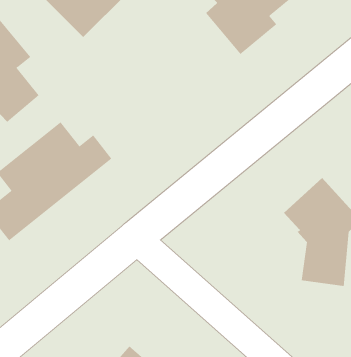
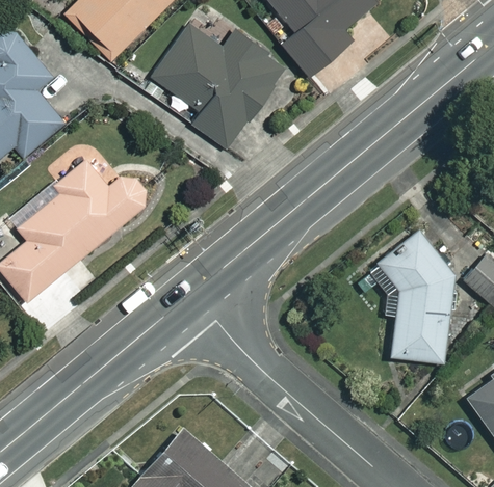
building: none -> [153,25,289,146]

